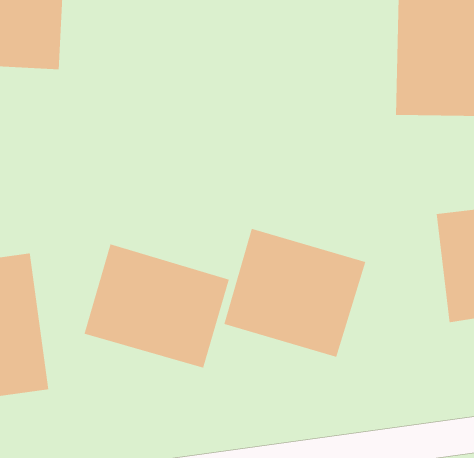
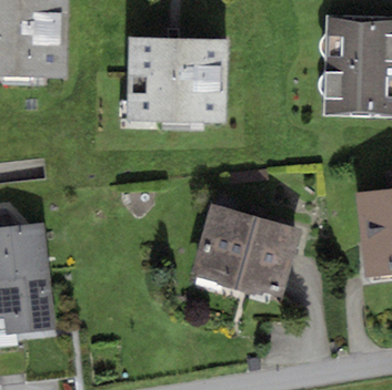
building: none -> [127,37,229,129]
building: [84,243,230,369] -> none

